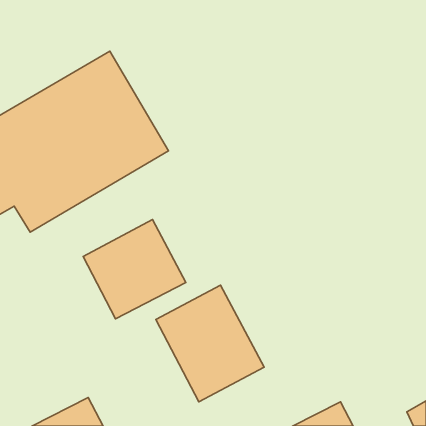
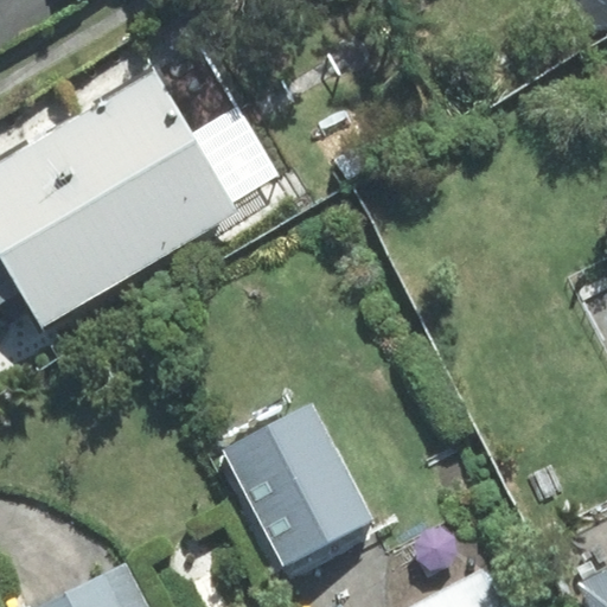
building: [83,219,186,319] -> none

